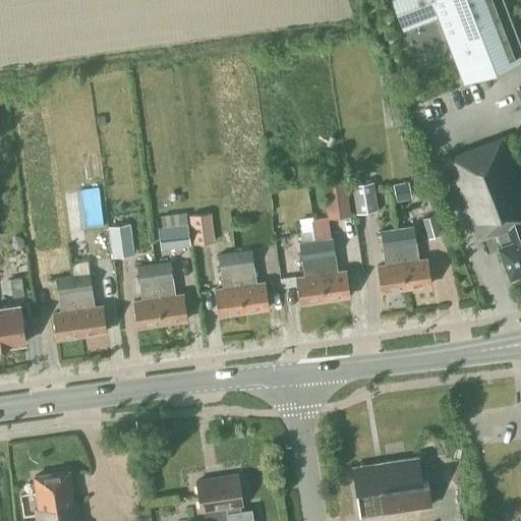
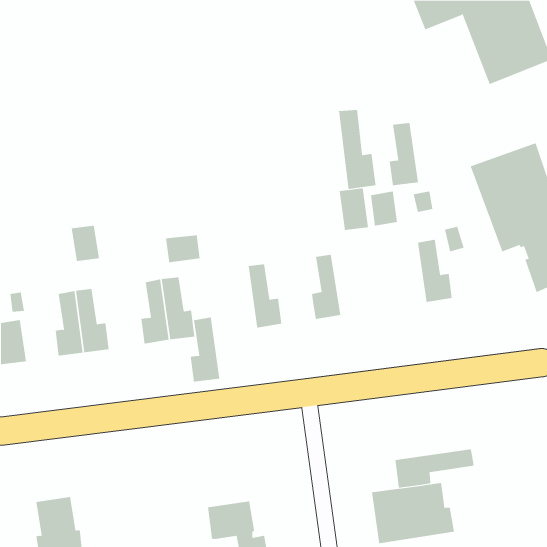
building: none -> [338,109,376,190]
building: [189,214,215,245] -> none
building: [108,224,135,258] -> [71,225,100,262]
building: [377,231,405,291] -> [389,122,419,186]
building: [315,239,350,300] -> none
building: [216,253,244,315] -> [190,317,220,382]
building: none -> [395,448,474,488]

